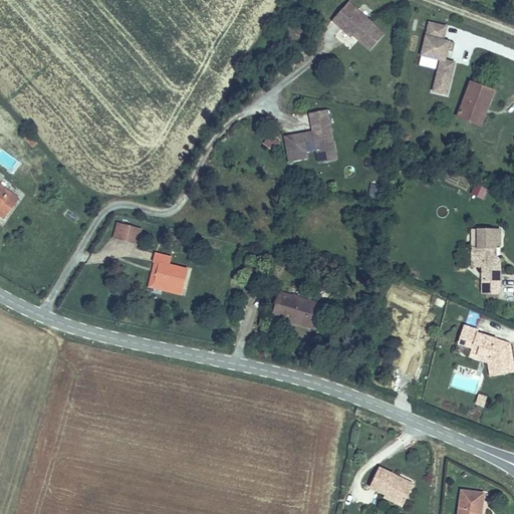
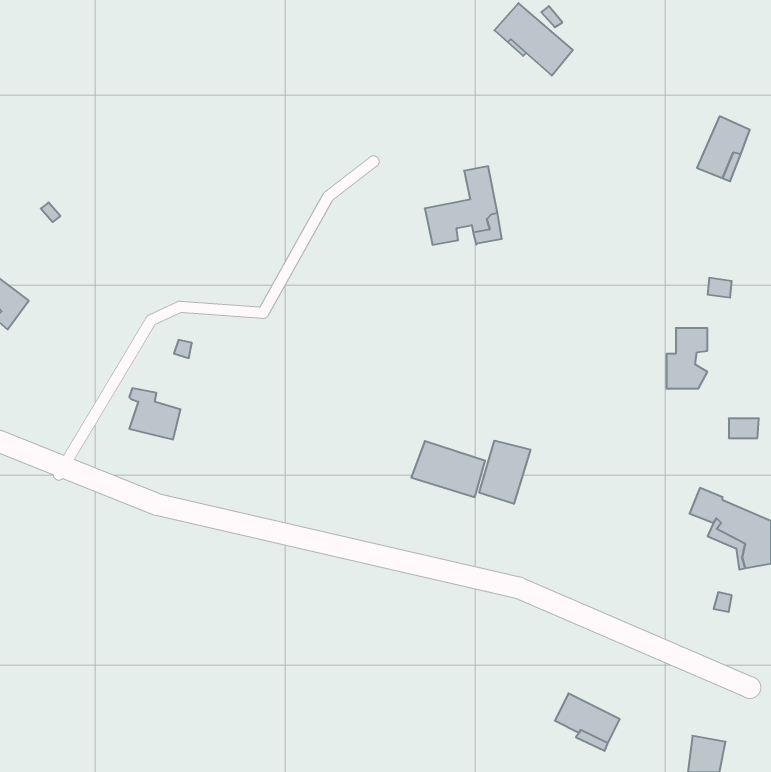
building: [420,19,453,89] -> none
building: [477,225,504,265] -> [667,328,707,389]
building: [153,257,187,291] -> [129,388,181,440]
building: none -> [479,441,530,504]

